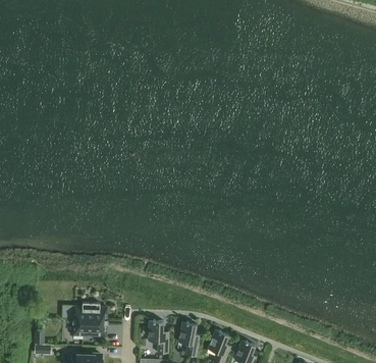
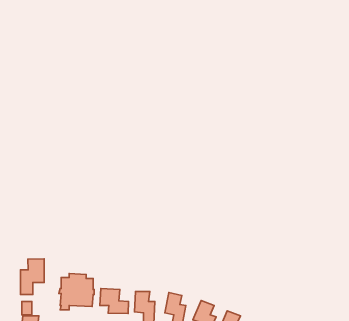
building: none -> [20,259,44,294]
building: none -> [100,289,129,313]

